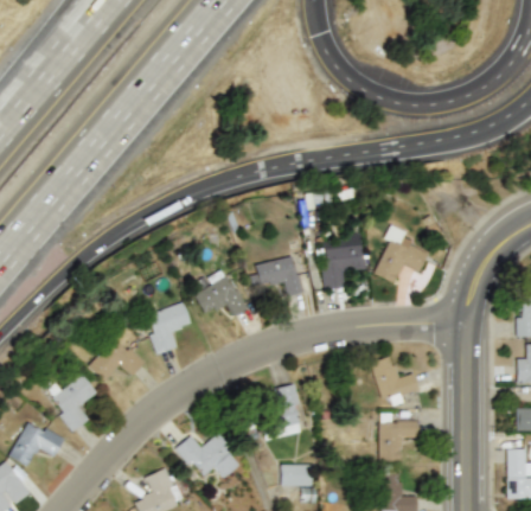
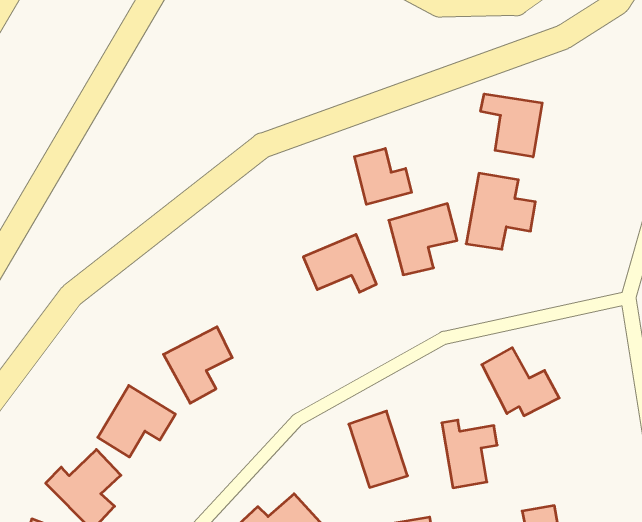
building: none -> [481,94,542,157]
building: none -> [354,148,412,204]
building: [196,270,250,318] -> none
building: [379,414,416,461] -> [442,420,497,488]

